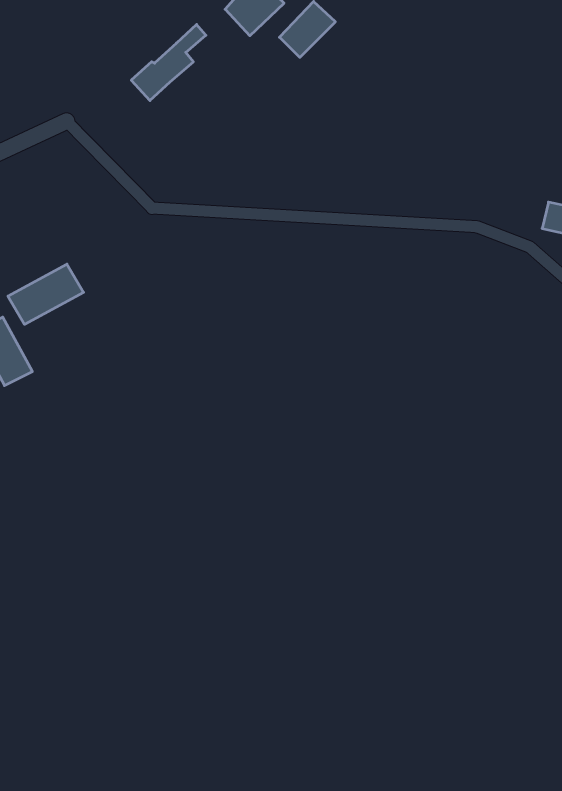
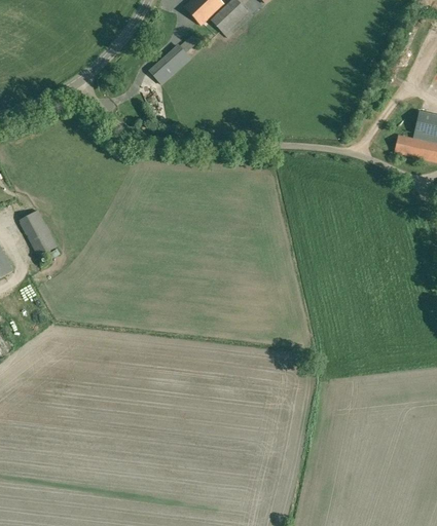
building: [131,24,206,101] -> [149,33,198,83]
building: [8,264,84,324] -> none

